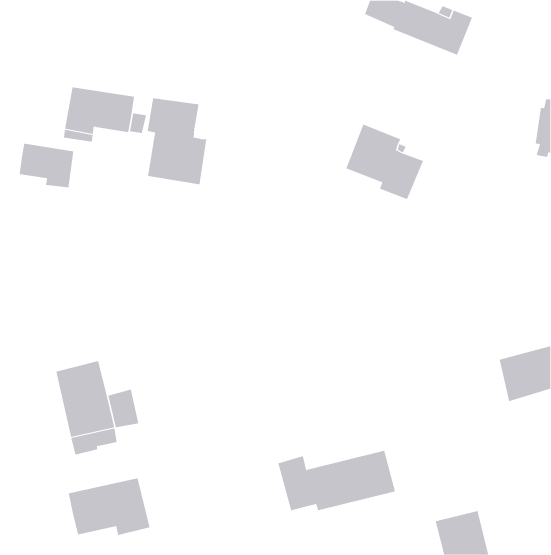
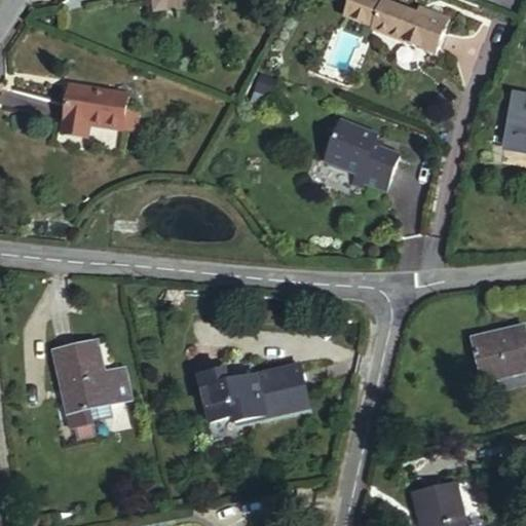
building: [147,98,207,185] -> none
building: [19,143,74,188] -> none
building: [277,450,396,511] -> [196,366,308,423]
building: [68,478,150,536] -> none

